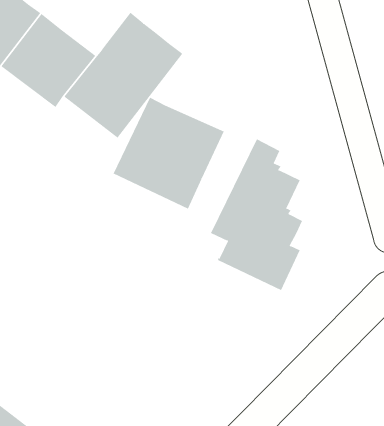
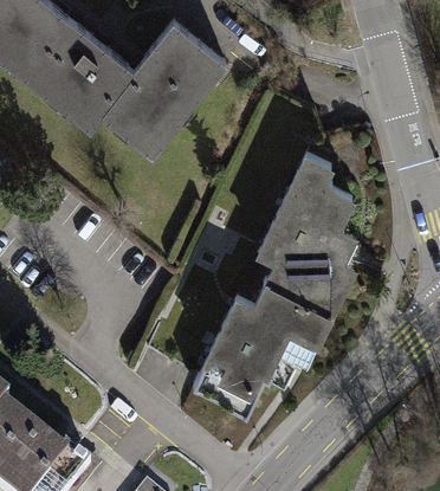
building: [113,97,224,209] -> none
building: none -> [192,282,331,416]

